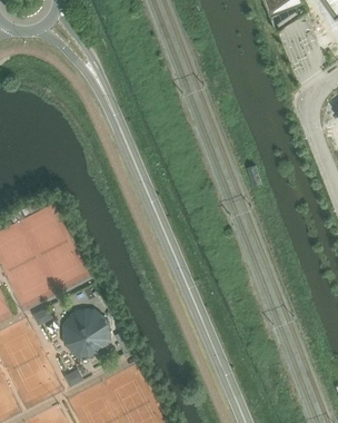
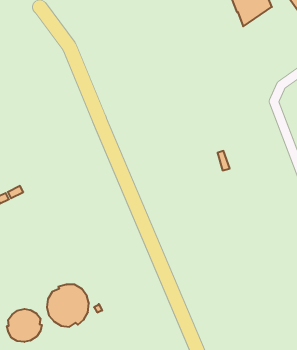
building: none -> [7,309,42,342]

